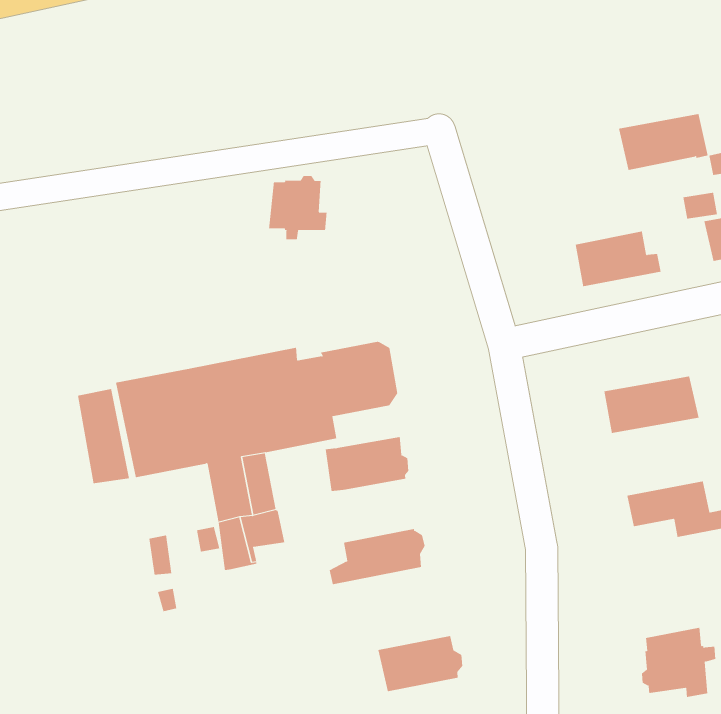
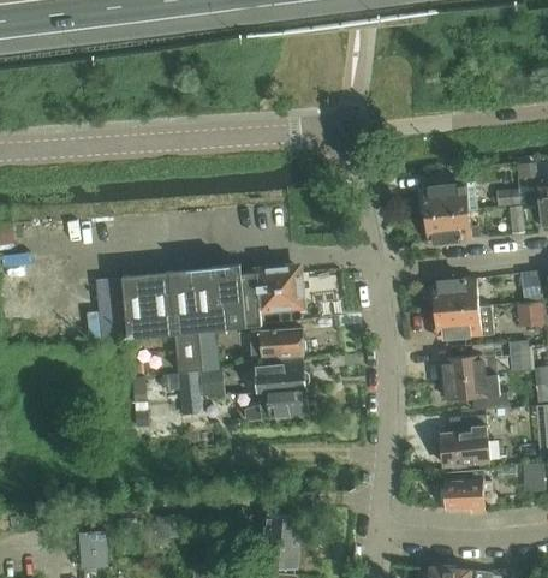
building: [618,113,709,170] -> [422,183,478,215]
building: [269,175,327,240] -> none
building: none -> [433,279,478,311]
building: none -> [442,354,495,380]
building: none -> [440,415,489,465]
building: [378,635,463,692] -> [255,360,309,393]

